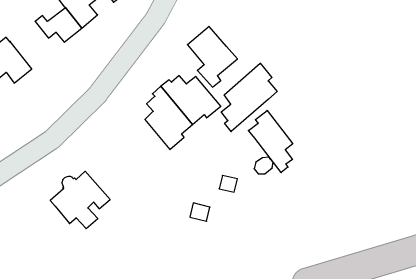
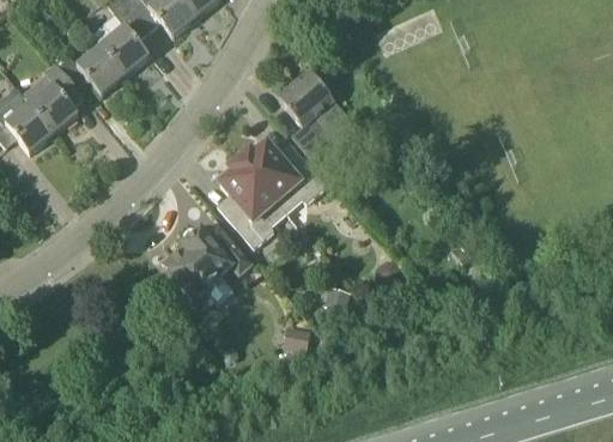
building: none -> [22,65,81,133]
building: [221,63,277,132] -> none
building: [248,110,293,173] -> none
building: [50,171,110,229] -> [165,222,251,304]

